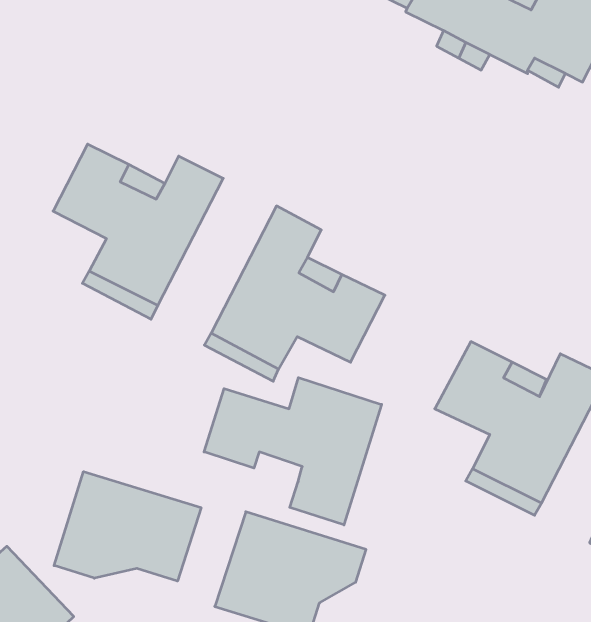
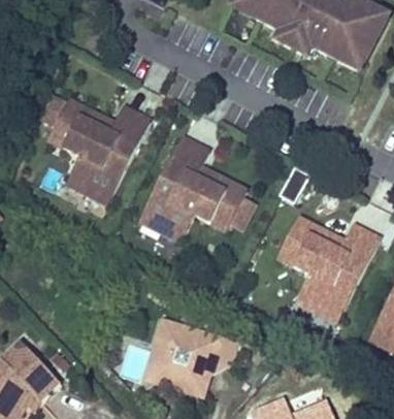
building: [204,378,382,525] -> none
building: [54,472,201,581] -> none

